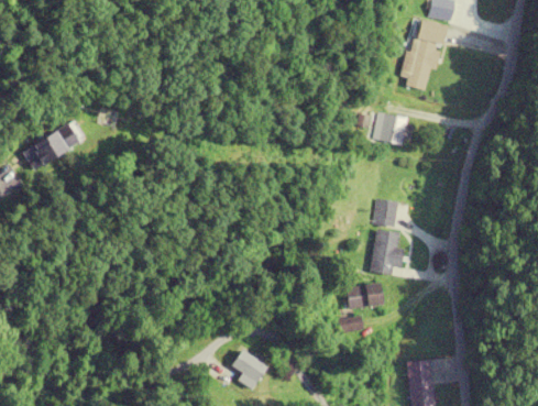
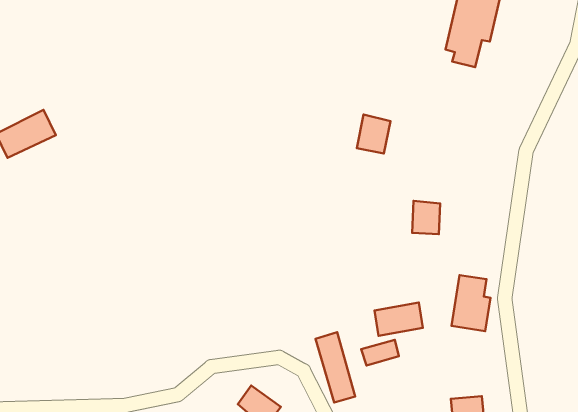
building: [381,112,408,144] -> [357,115,390,153]
building: [371,229,403,275] -> [452,275,490,331]
building: none -> [315,332,355,402]

